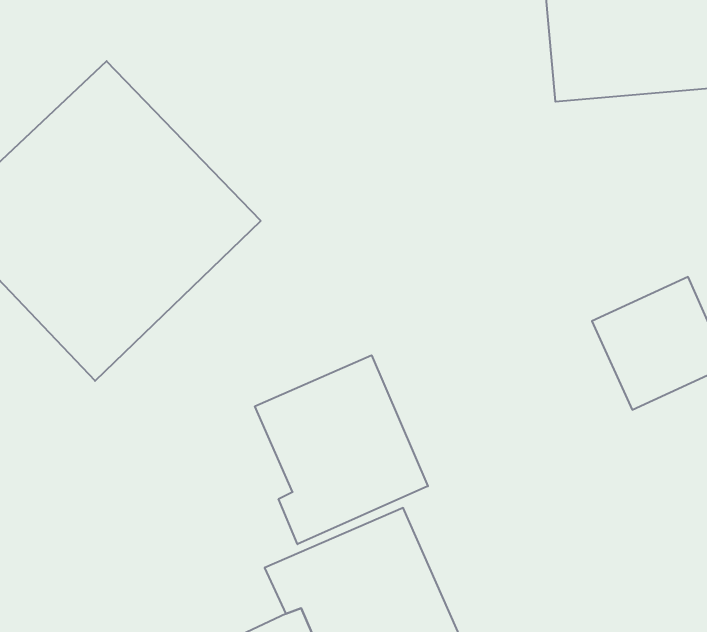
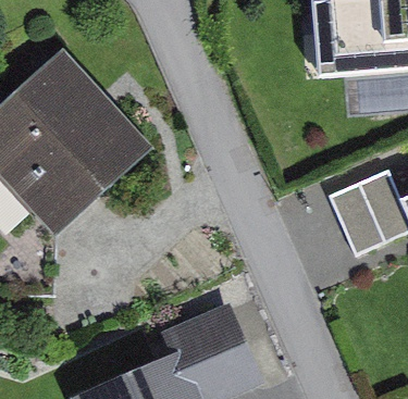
building: [255,355,428,544] -> none

